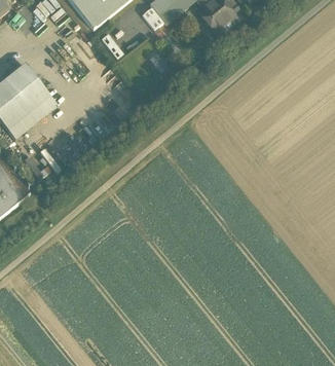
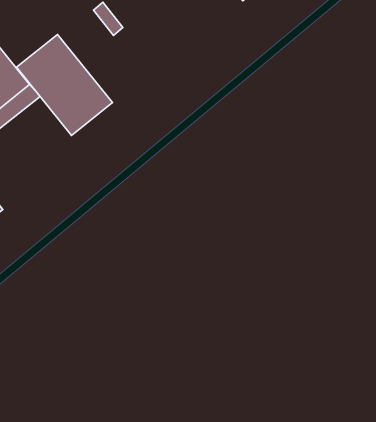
building: none -> [17,34,113,135]

